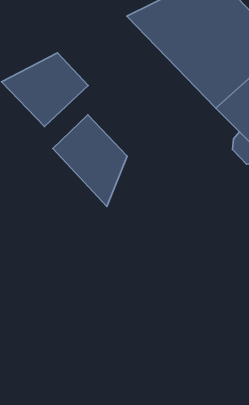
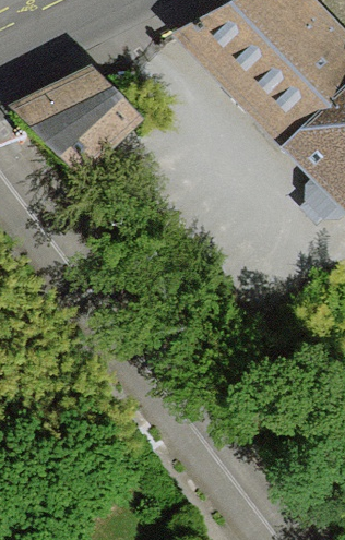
building: [53,115,127,207] -> none

